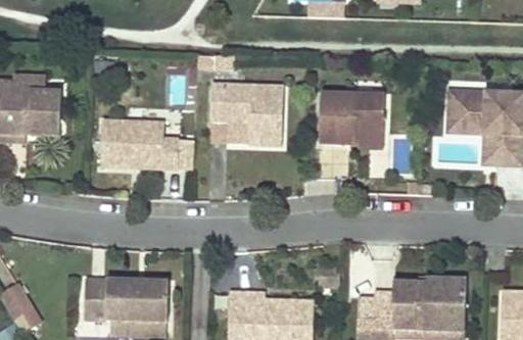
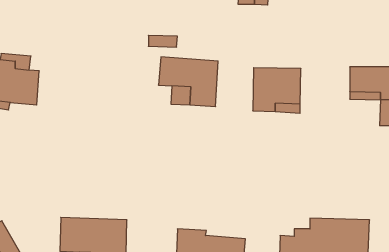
building: [101,120,176,167] -> none

